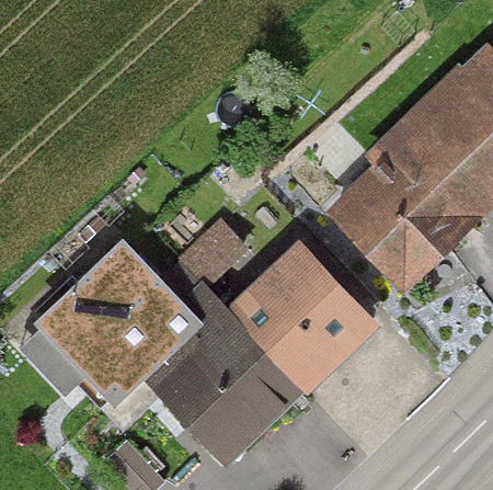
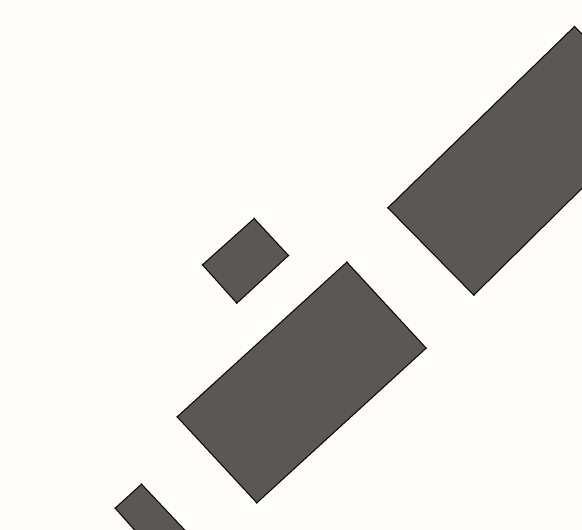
building: [35,240,204,409] -> none

